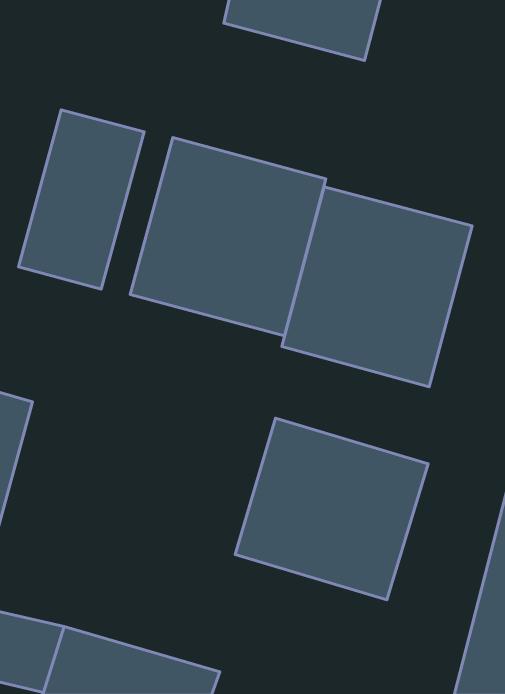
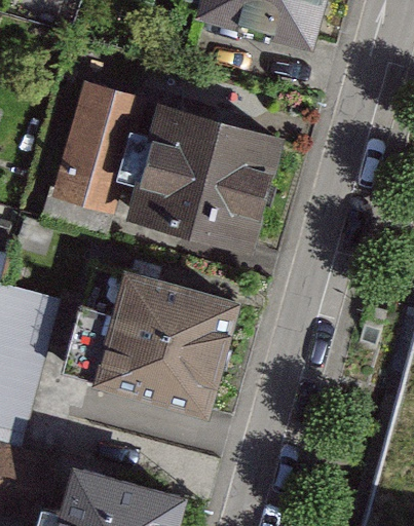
building: [282,187,472,387] -> none
building: none -> [90,270,235,425]
building: [235,418,428,600] -> none

